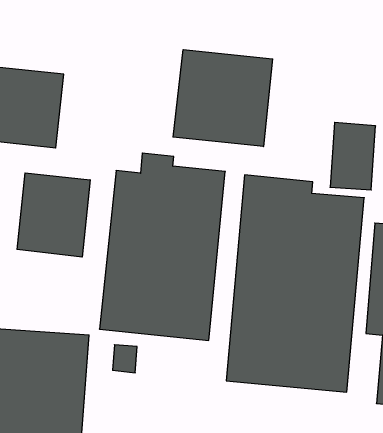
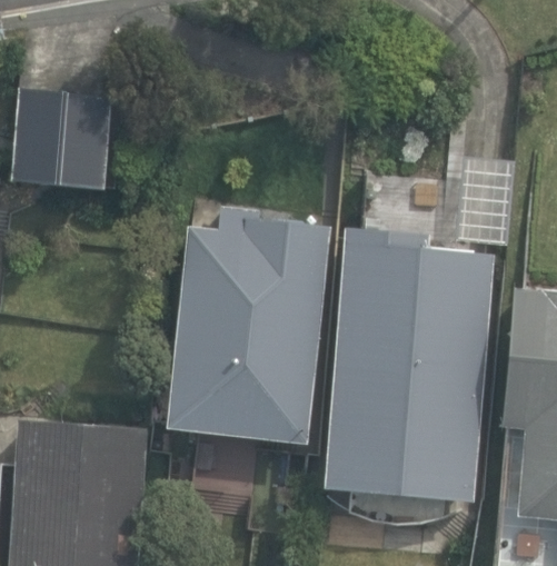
building: [173,50,273,147] -> none
building: [17,173,90,257] -> none

